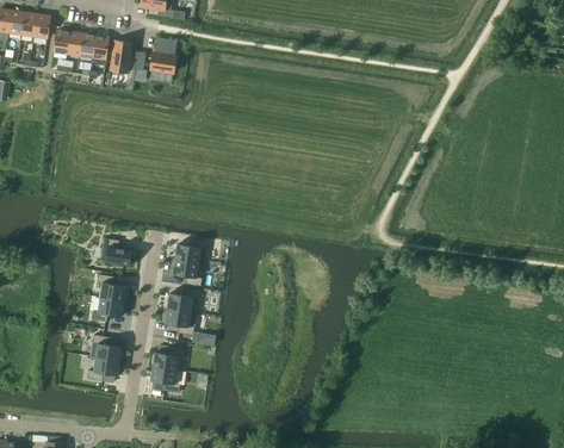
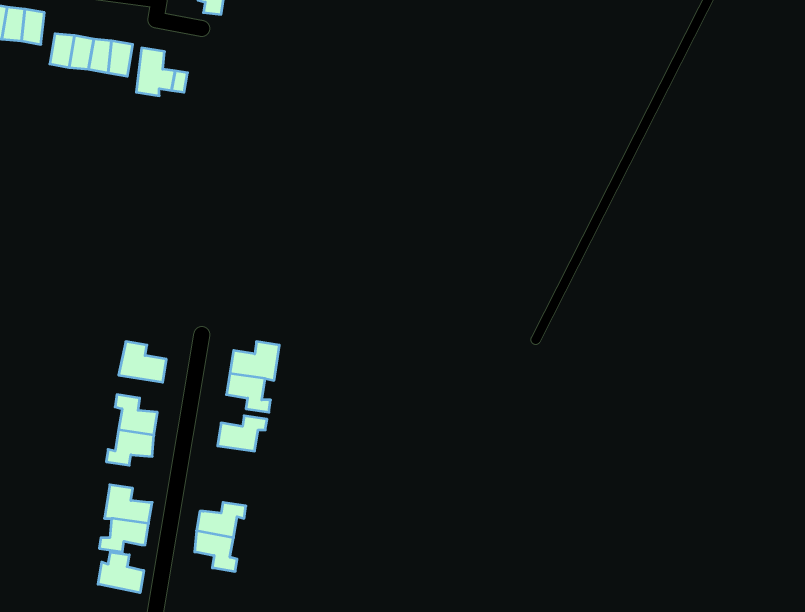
building: [149,38,175,73] -> none
building: [165,309,196,335] -> none
building: none -> [98,552,144,593]

